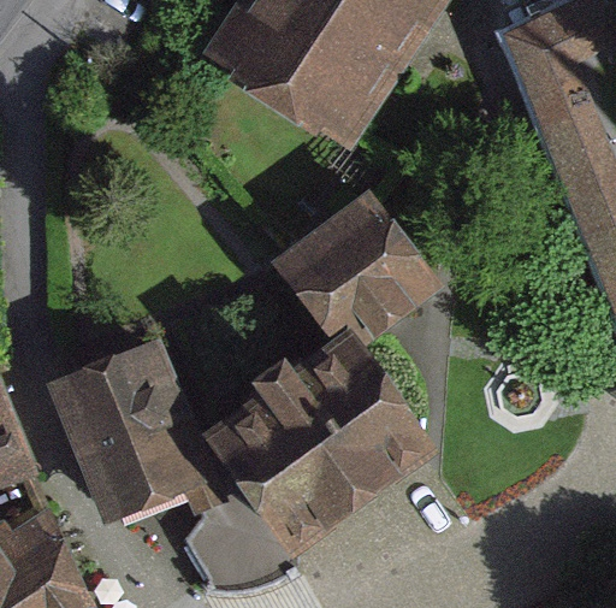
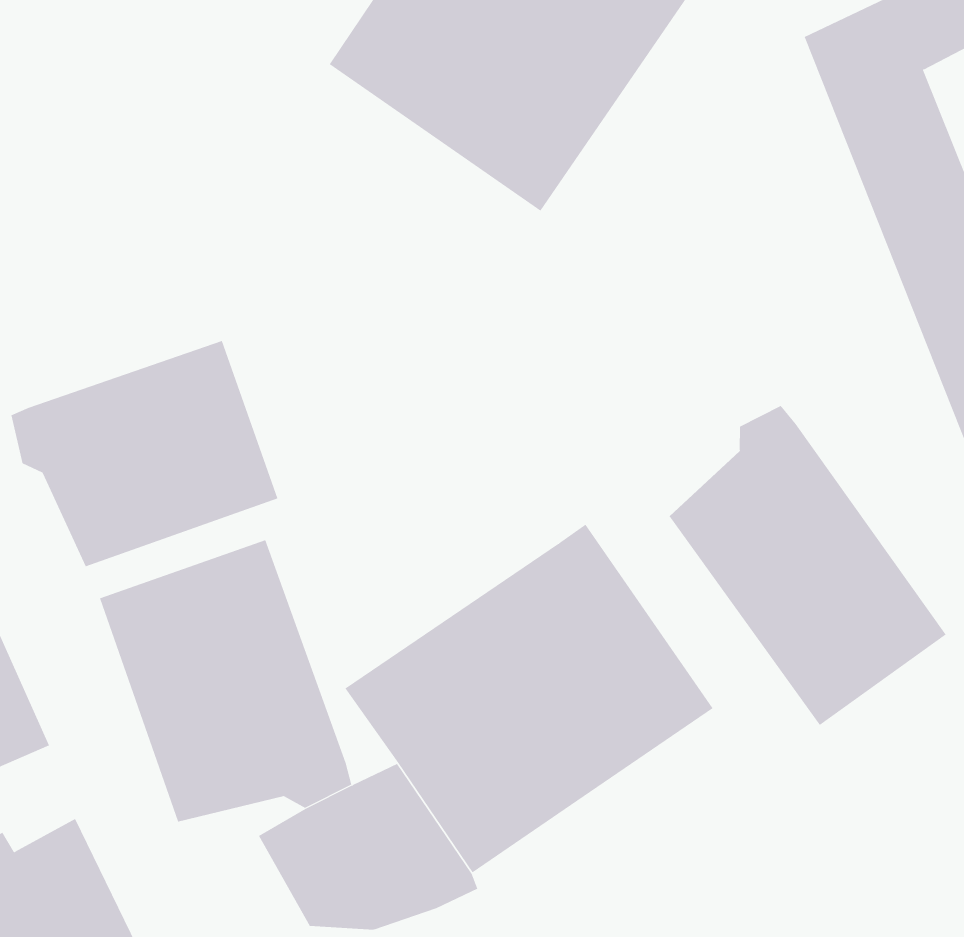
building: [285,196,440,348] -> none
building: none -> [11,340,278,567]
building: none -> [669,405,946,726]

